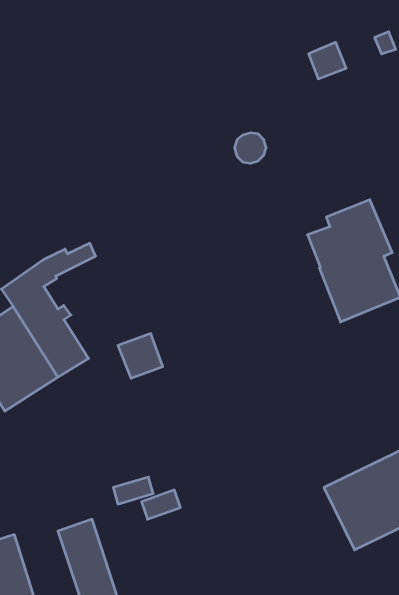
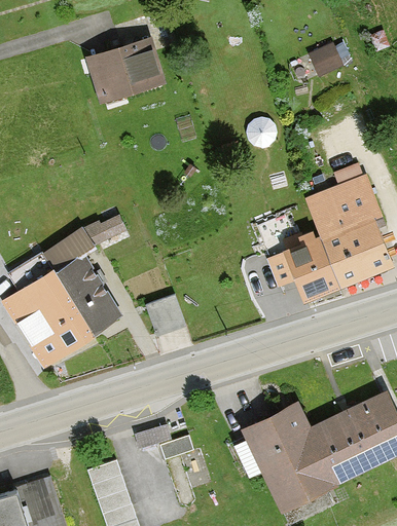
building: none -> [87,41,156,97]
building: none -> [266,233,336,298]
building: none -> [258,408,349,518]

